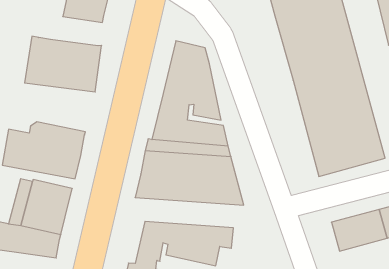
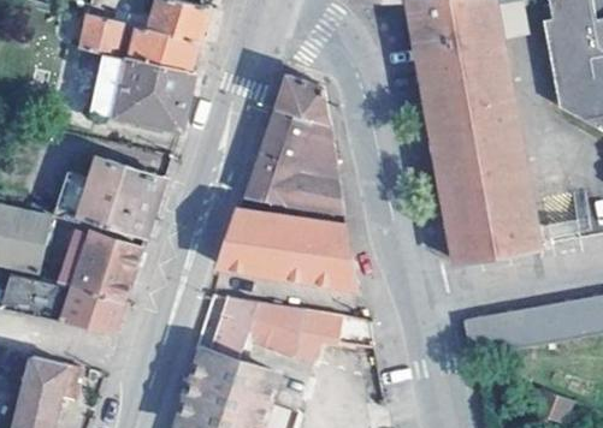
building: none -> [75,16,197,72]

